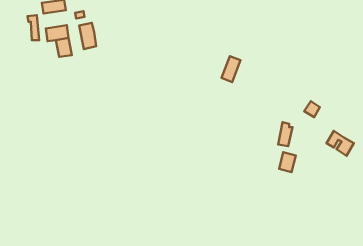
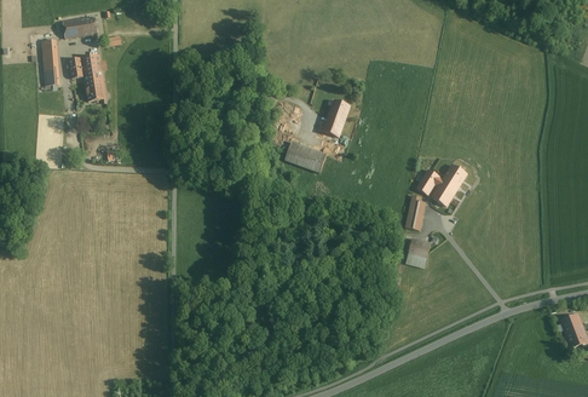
building: [79,23,96,49] -> none
building: none -> [284,142,325,172]
building: [326,131,354,156] -> [416,169,456,206]

